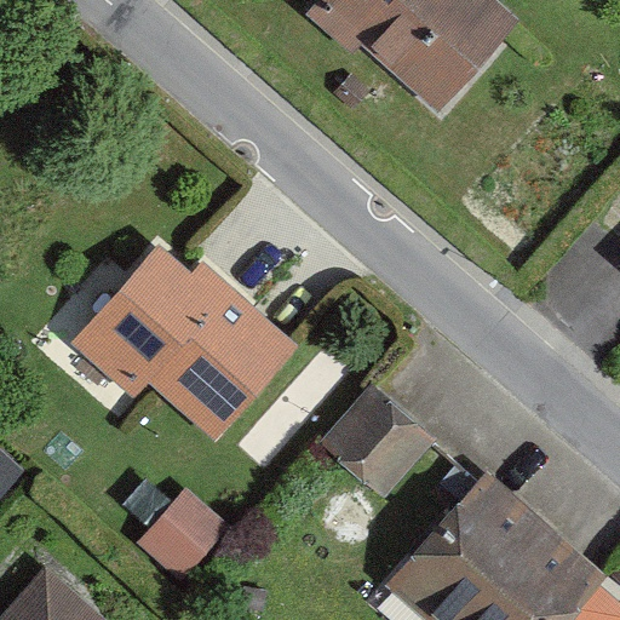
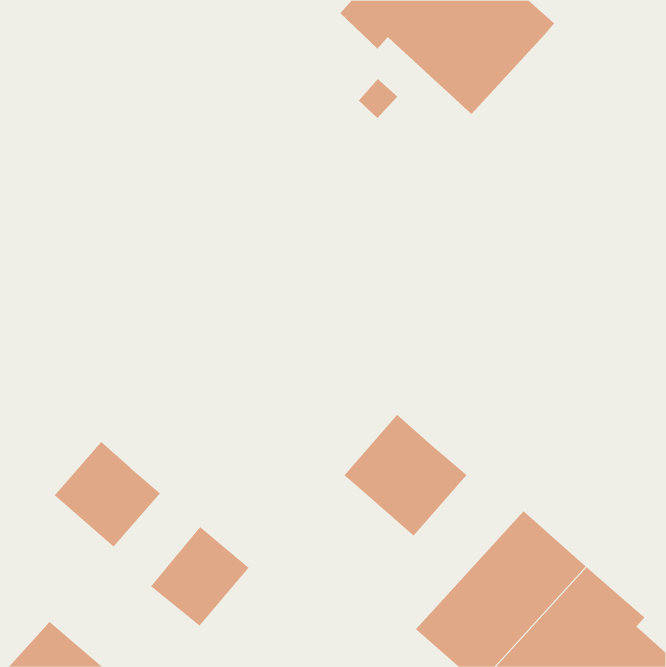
building: [74,246,293,436] -> none
building: none -> [54,441,161,547]

